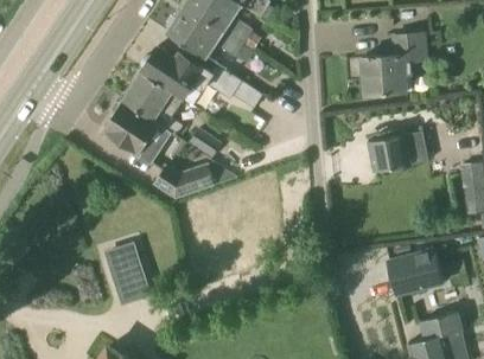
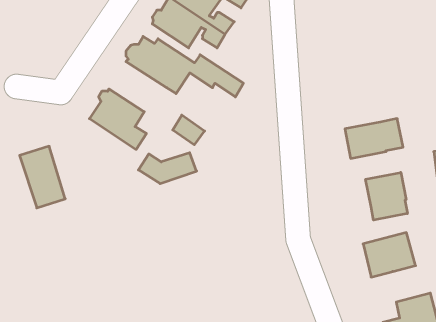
building: [362,33,426,95] -> none
building: [122,71,183,135] -> none
building: none -> [366,172,407,220]
building: [103,242,151,306] -> [20,146,65,208]

